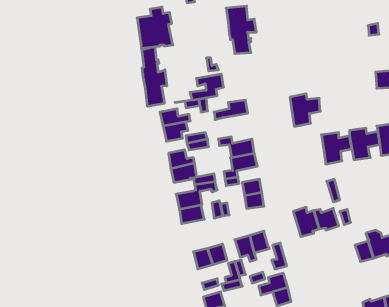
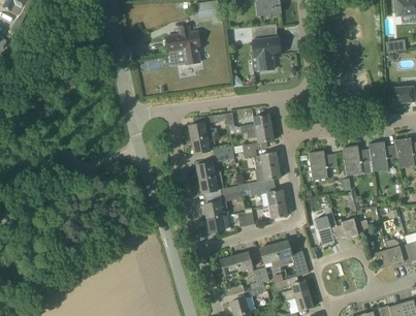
building: [142,47,167,106] -> none
building: [190,74,224,100] -> [242,127,274,152]
building: [290,94,320,126] -> [308,150,337,181]

